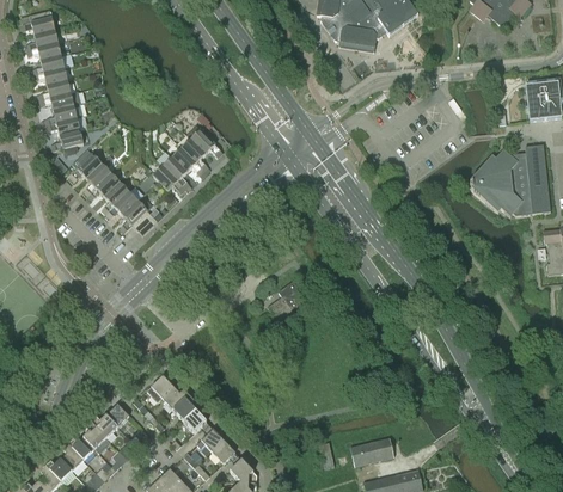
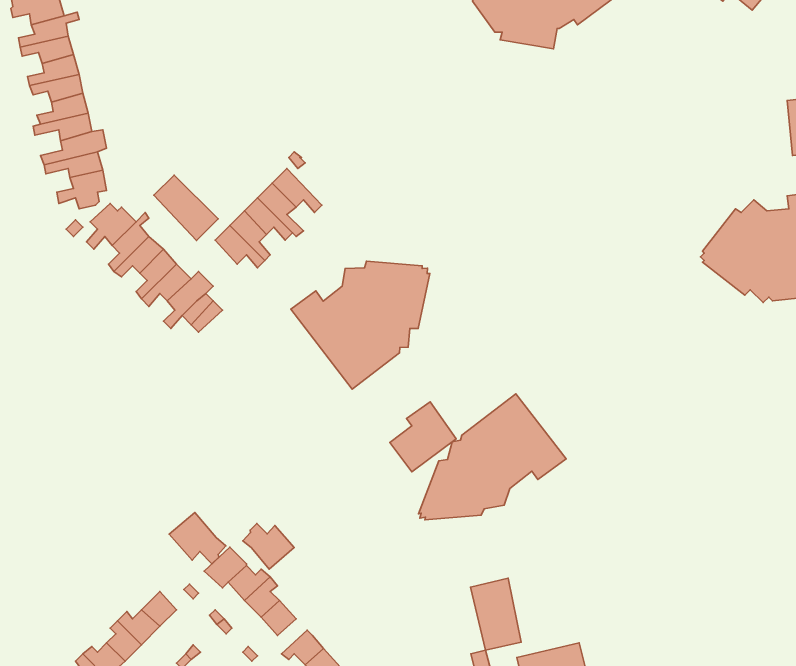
building: none -> [154,175,218,240]
building: none -> [291,261,430,389]
building: none -> [418,394,566,520]
building: none -> [169,512,226,564]
building: none -> [243,524,294,569]
building: none -> [471,578,521,650]

